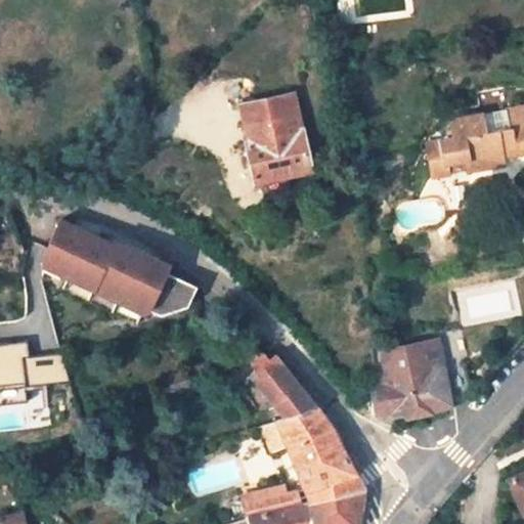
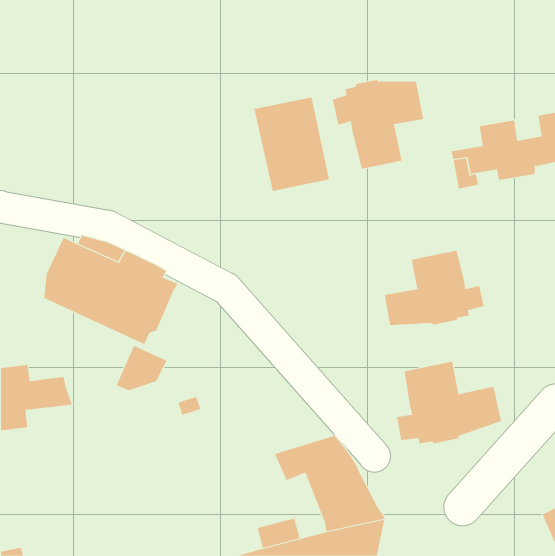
building: none -> [332,79,424,170]
building: none -> [384,250,484,326]
building: [148,273,196,316] -> [116,345,167,391]
building: [251,357,316,419] -> none

